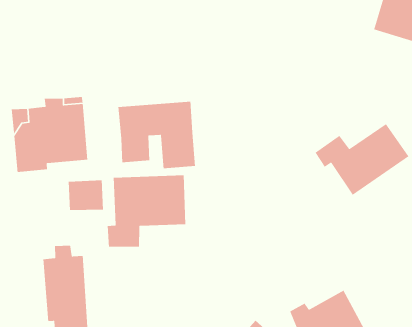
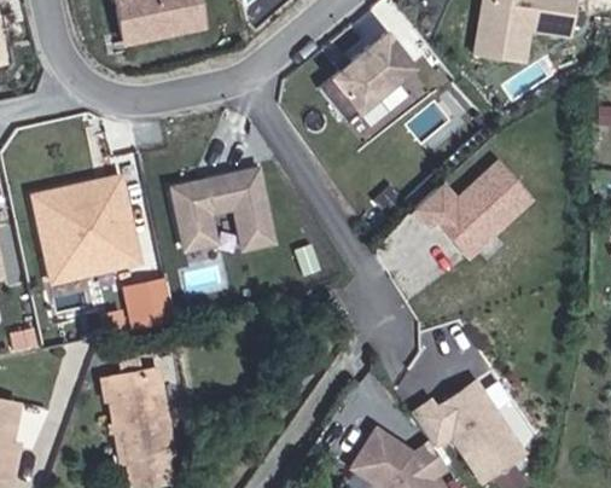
building: none -> [324,35,418,123]
building: [107,174,186,248] -> none

